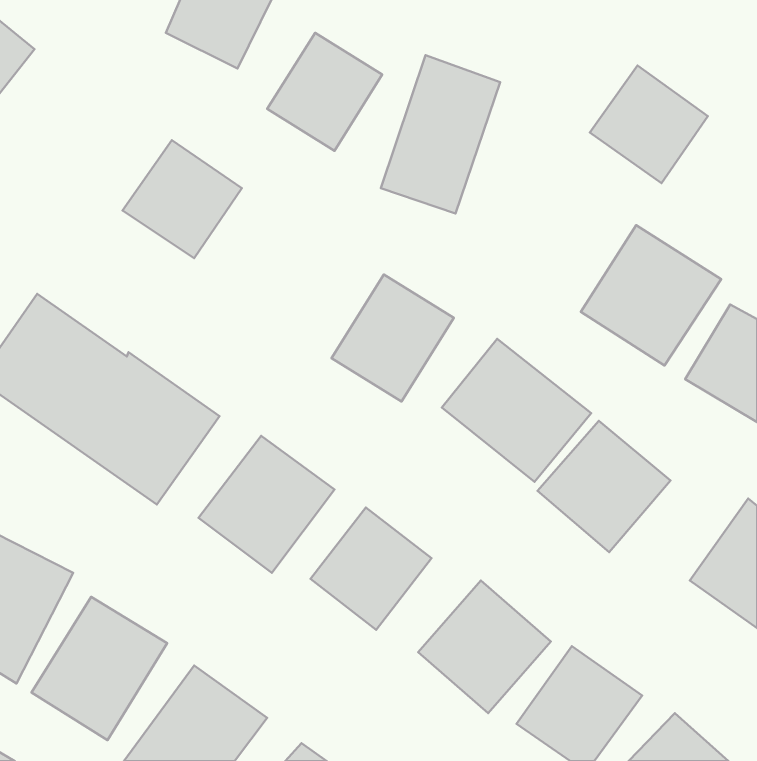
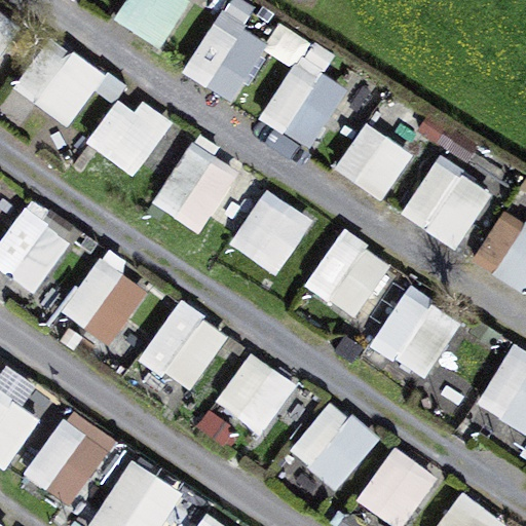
building: none -> [10,37,103,127]
building: [590,65,708,183] -> [334,122,415,203]
building: none -> [150,141,239,233]

